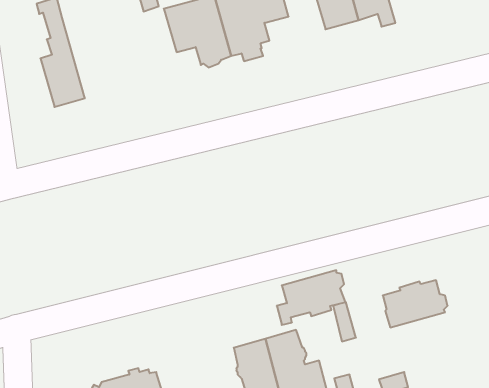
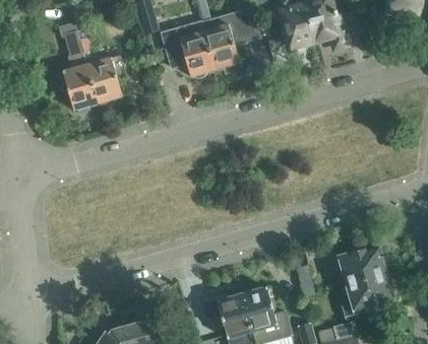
building: none -> [79,37,126,102]
building: [277,270,345,325] -> [338,273,392,317]

